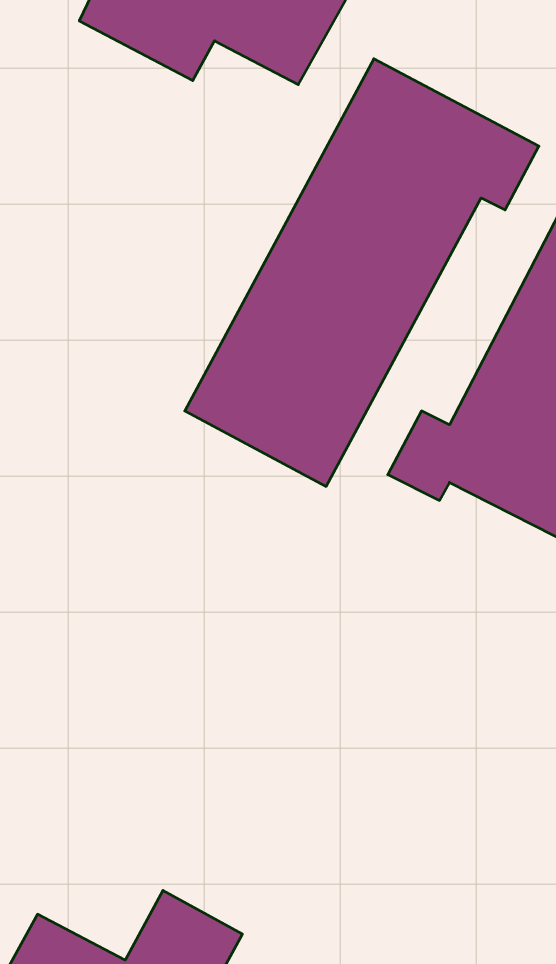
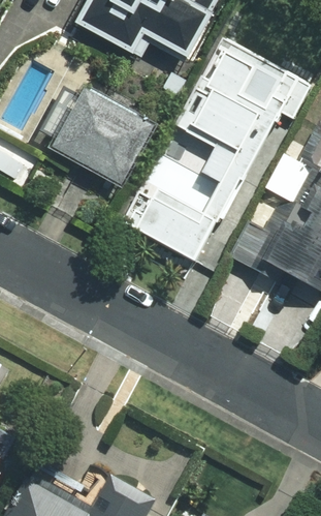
building: none -> [47,82,153,183]

